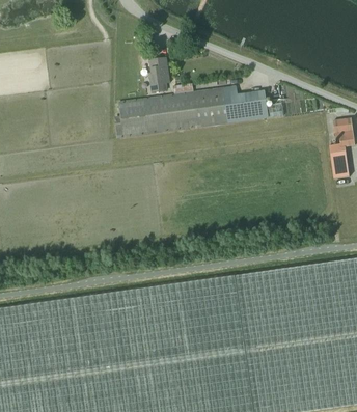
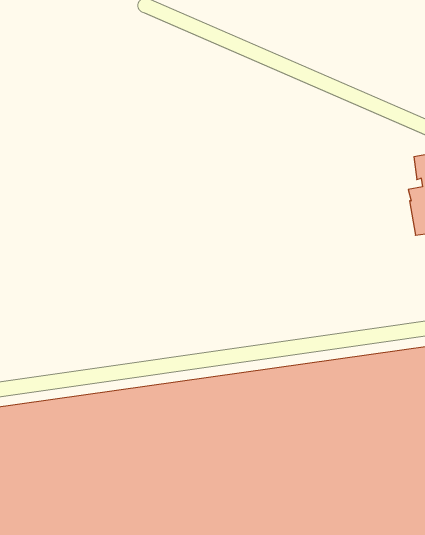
building: [149,58,170,91] -> none
building: [115,83,269,138] -> none

